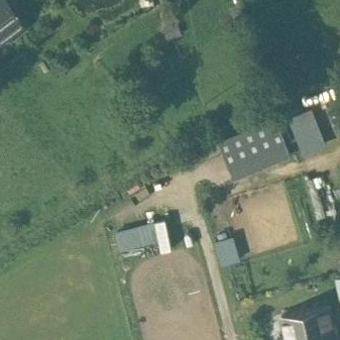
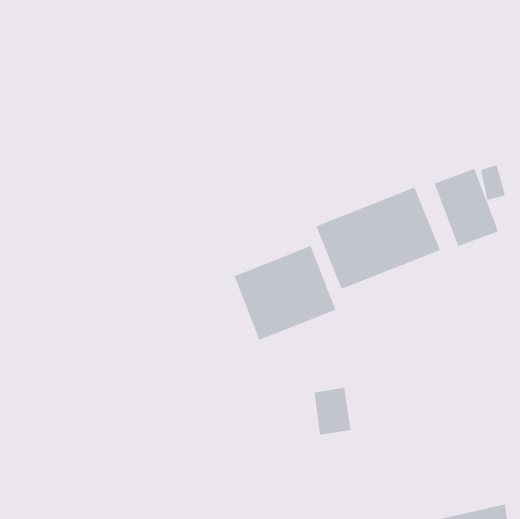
building: none -> [234,245,336,341]
building: [115,224,159,253] -> none

